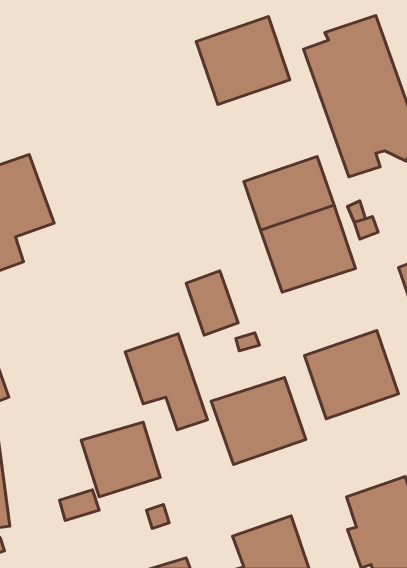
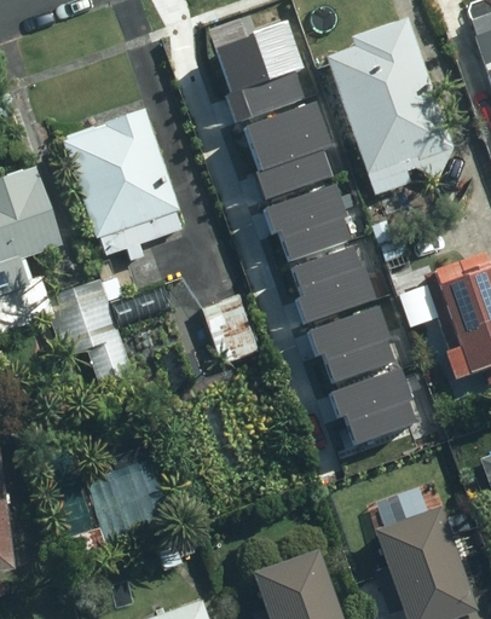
building: none -> [236,87,342,196]
building: none -> [63,110,181,256]
building: [125,334,208,430] -> [45,278,133,381]
building: [211,377,306,464] -> [305,289,406,382]

